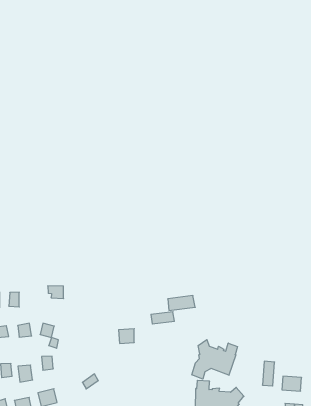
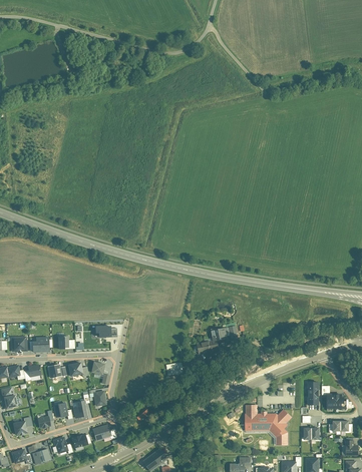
building: [192,340,238,379] -> none

